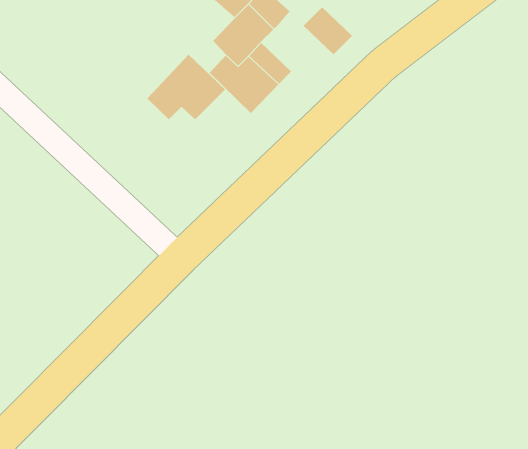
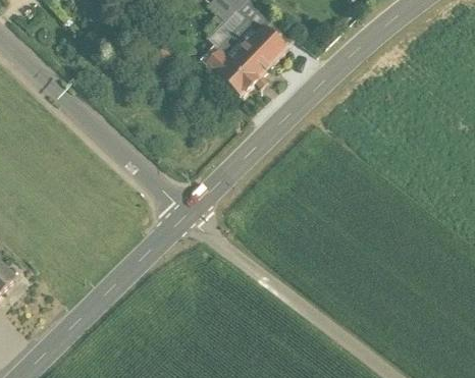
building: [303,7,353,55] -> [247,25,286,64]
building: [147,54,226,120] -> none

